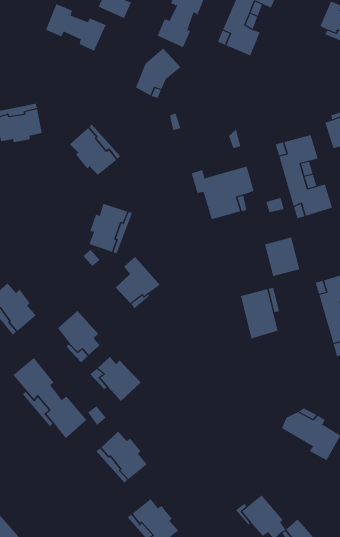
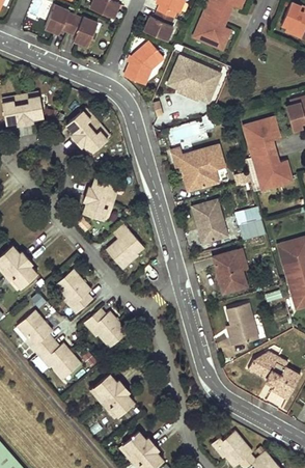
building: none -> [164,53,223,106]
building: none -> [192,200,224,245]
building: none -> [226,303,259,347]

